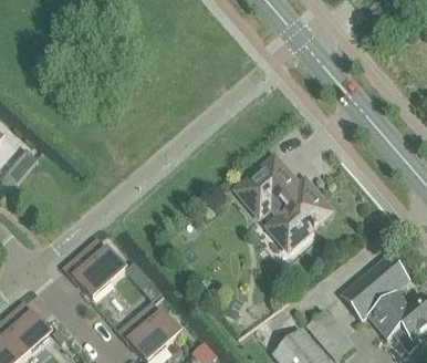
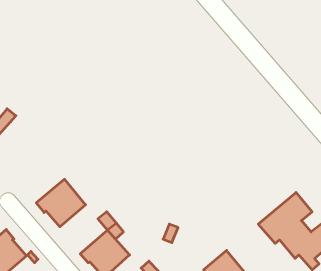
building: [237,156,330,248] -> none

